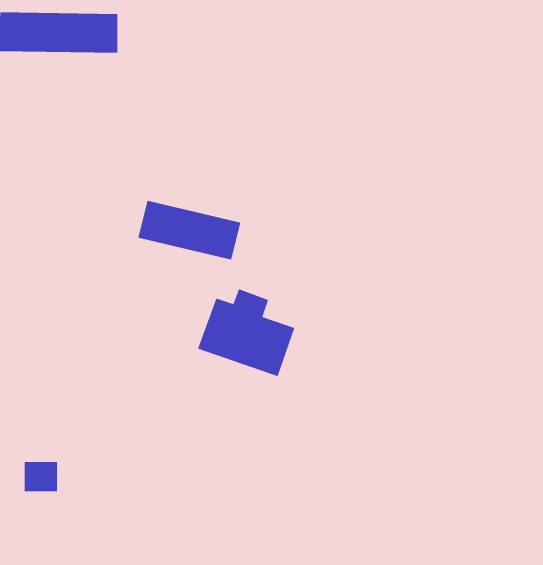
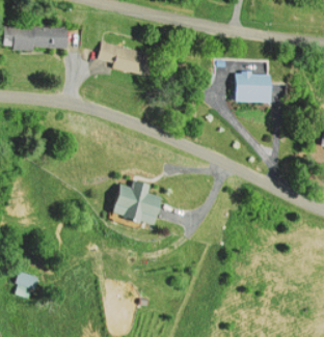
building: none -> [237,74,273,102]
building: [137,200,241,260] -> [97,41,154,75]

